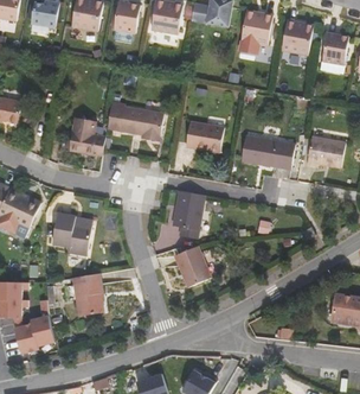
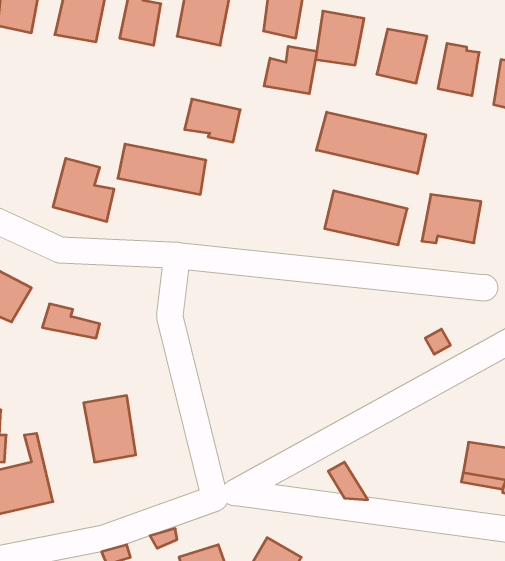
building: none -> [264,46,317,94]
building: none -> [316,112,426,174]
building: [185,120,221,148] -> [185,99,240,142]
building: [166,192,200,243] -> none
building: [50,228,89,253] -> none
building: [174,253,210,292] -> none

